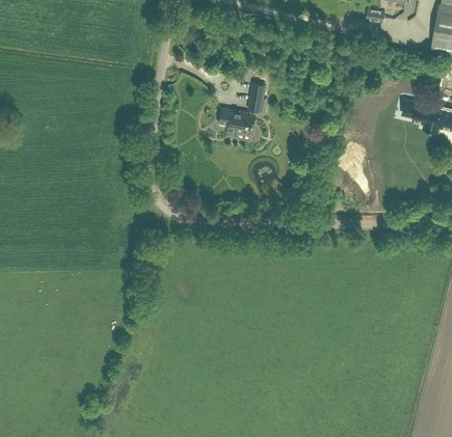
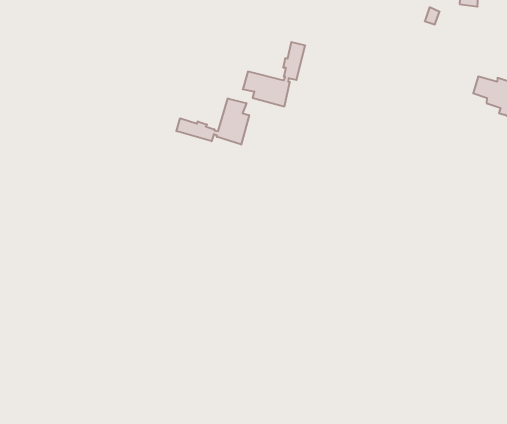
building: none -> [176,98,249,145]

